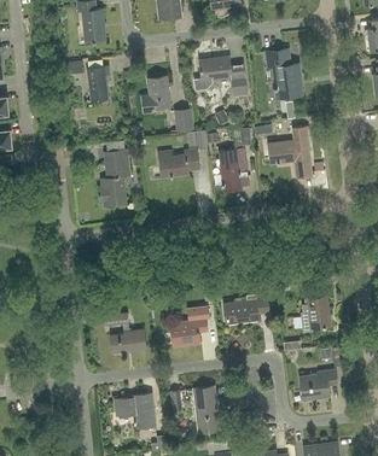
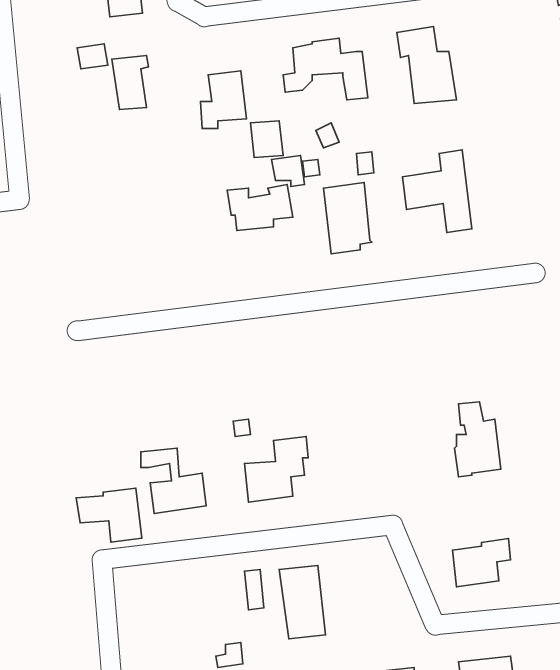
building: [97,150,129,206] -> none
building: [223,294,268,325] -> none
building: [114,394,155,428] -> [76,488,142,542]

